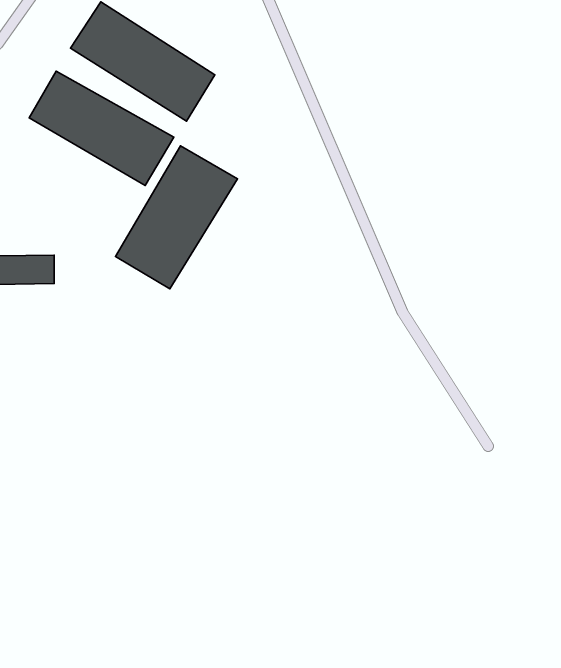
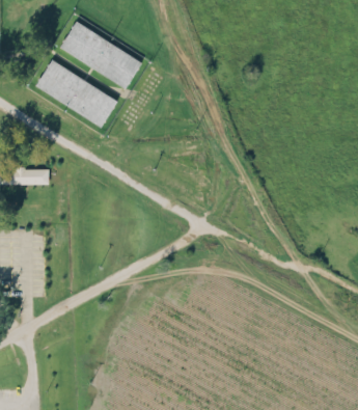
building: [116,146,238,289] -> none

